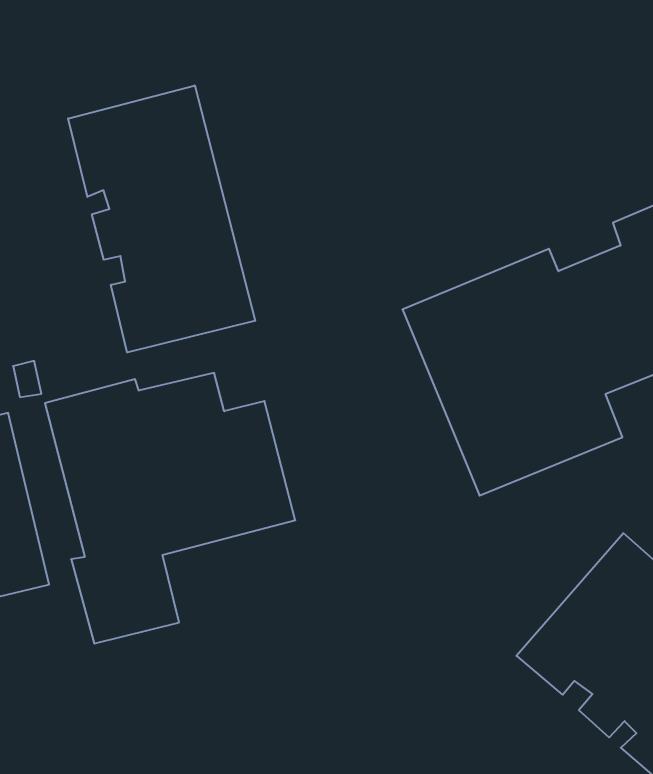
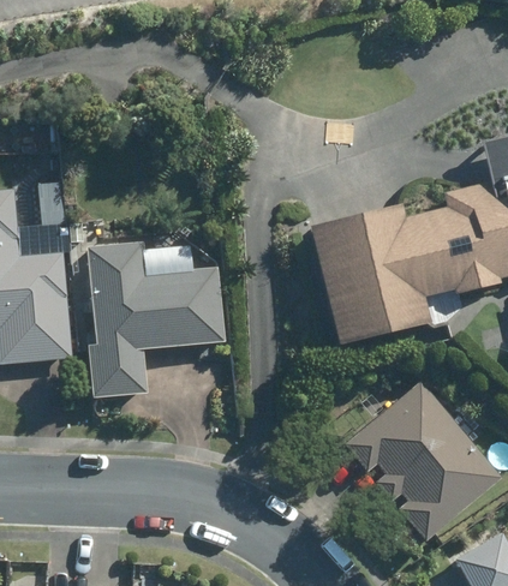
building: [68,85,255,352] -> none

